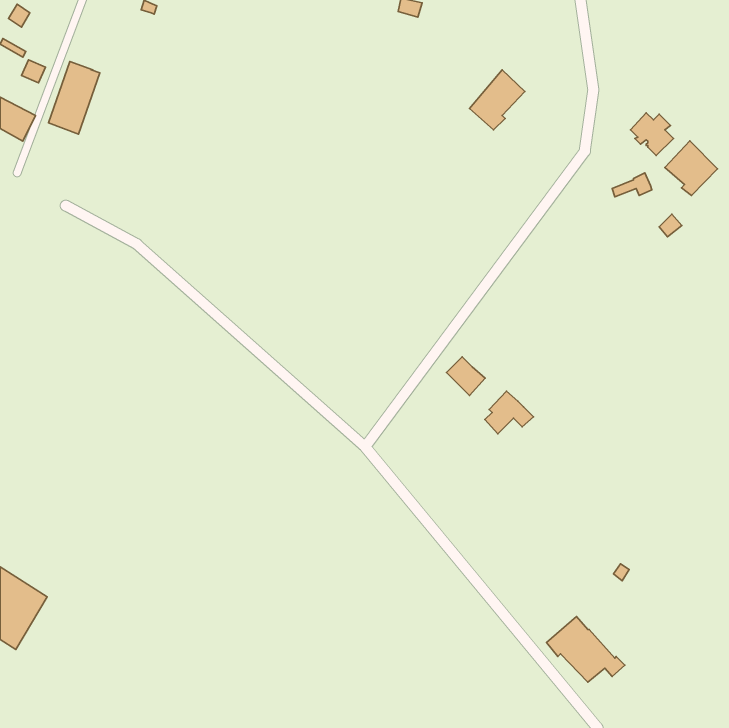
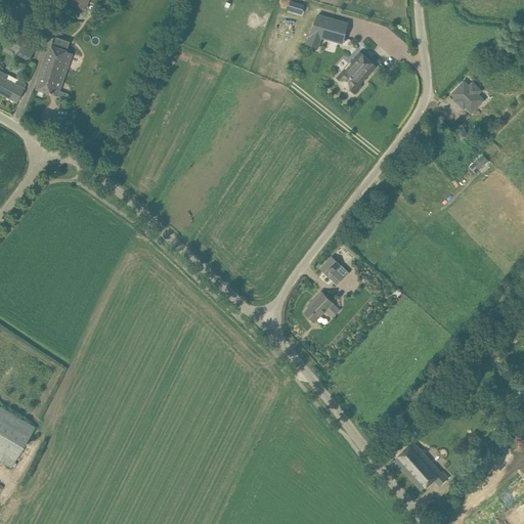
building: none -> [306,13,349,48]
building: [665,141,718,196] -> none
building: [485,391,534,434] -> [305,291,340,321]

